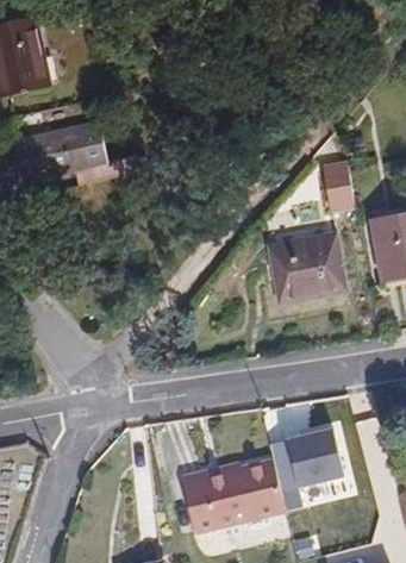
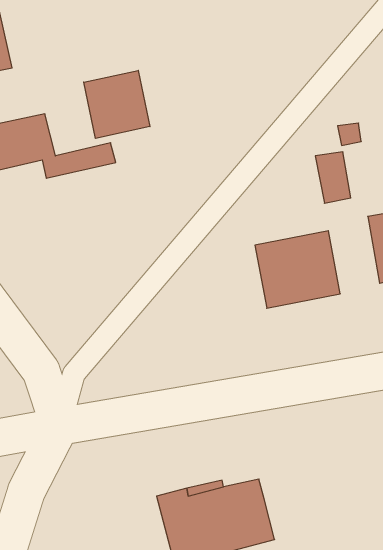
building: none -> [84,70,150,138]
building: [286,428,341,486] -> none

